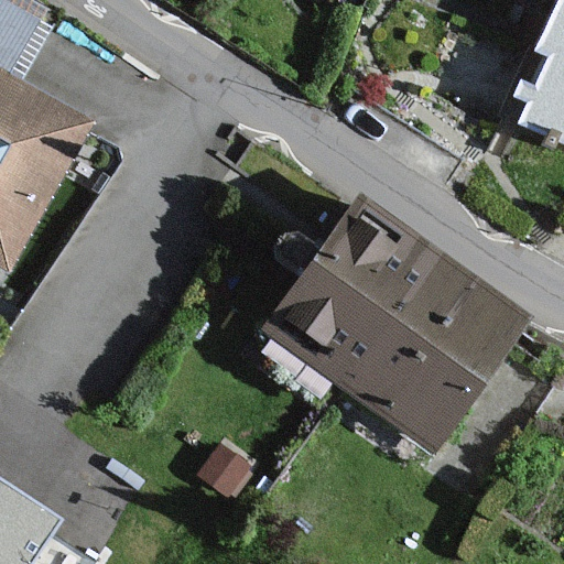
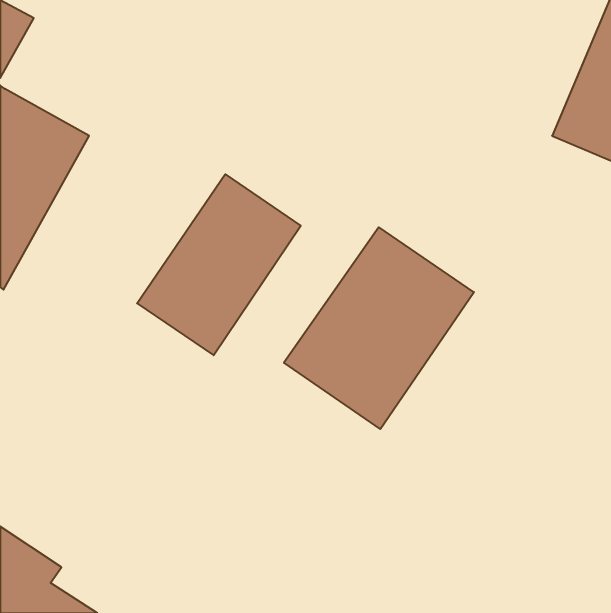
building: none -> [137,174,301,355]
building: [351,268,516,447] -> none

